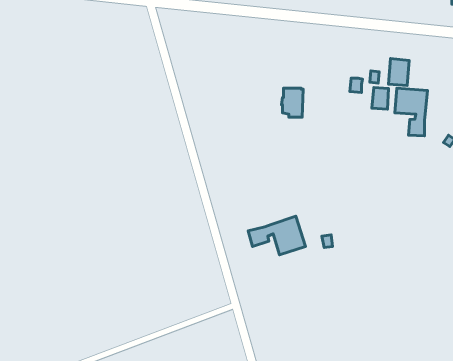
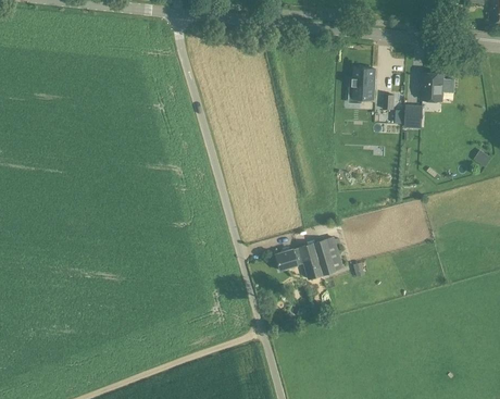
building: [281,88,303,117] -> [353,67,376,98]
building: [395,88,427,136] -> none

